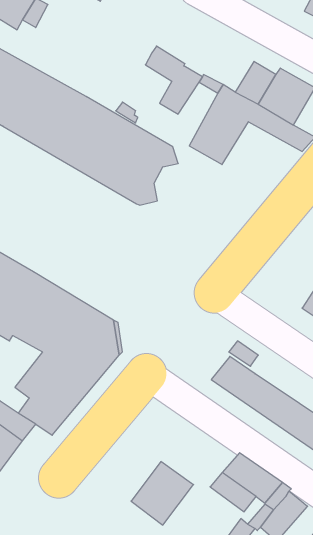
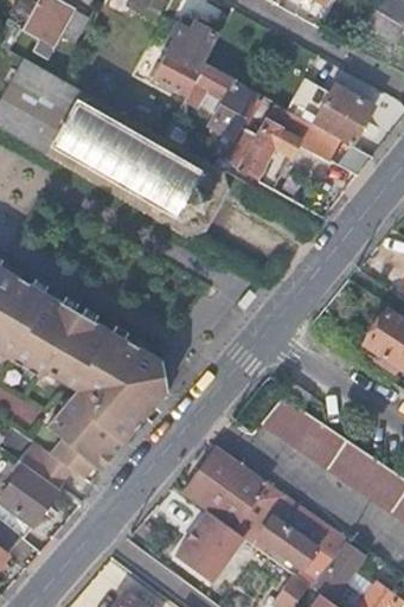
building: none -> [153,18,212,92]
building: none -> [187,448,267,535]

